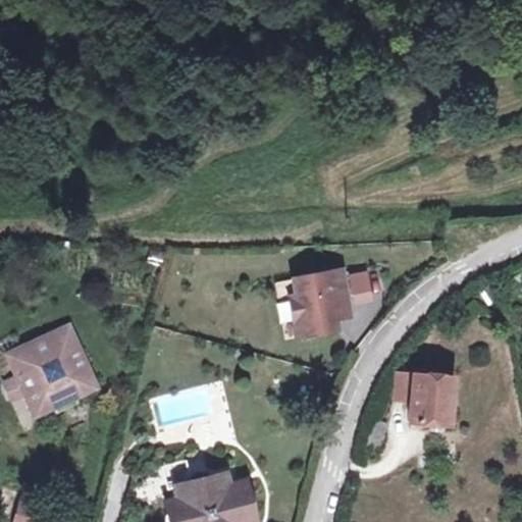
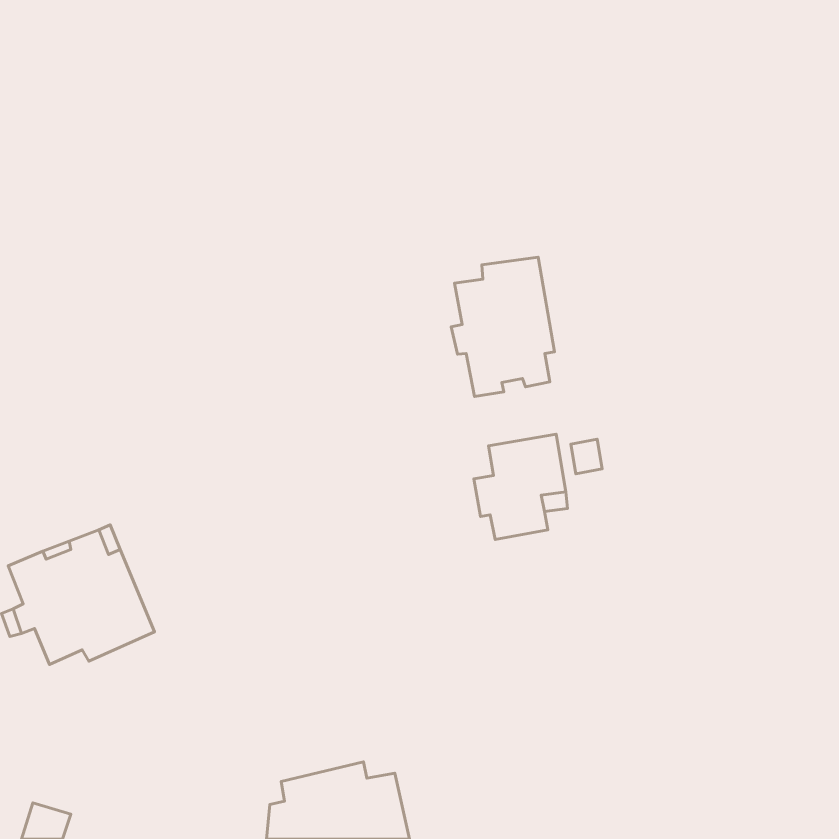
building: none -> [451,257,555,397]
building: [395,376,457,431] -> none

